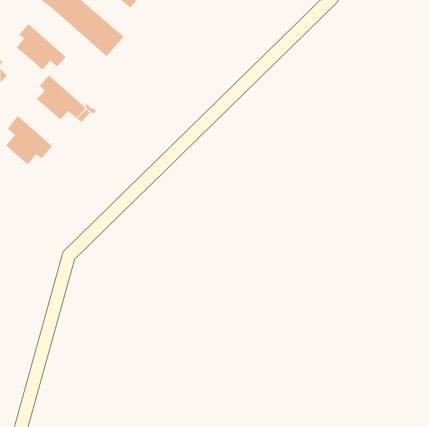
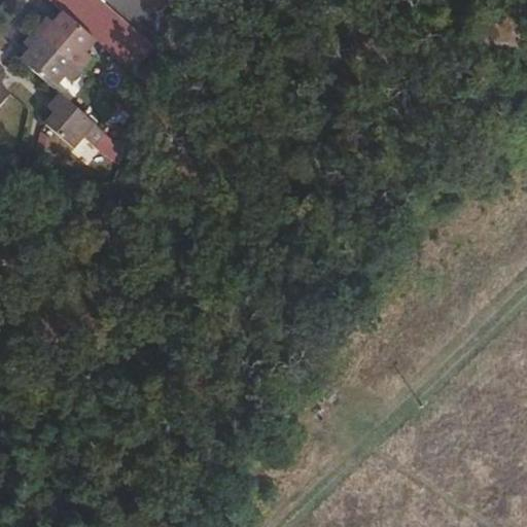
building: none -> [35,9,95,70]
building: [5,115,53,165] -> none

